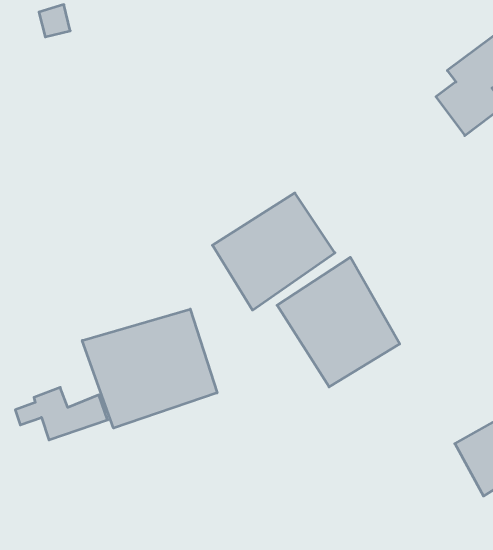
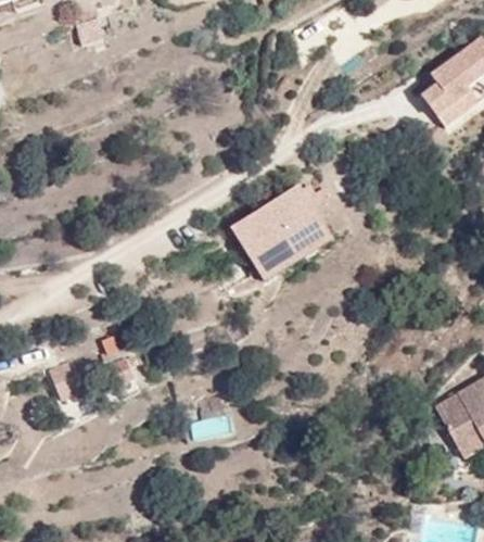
building: [277,257,400,387] -> none
building: [82,309,217,428] -> none

